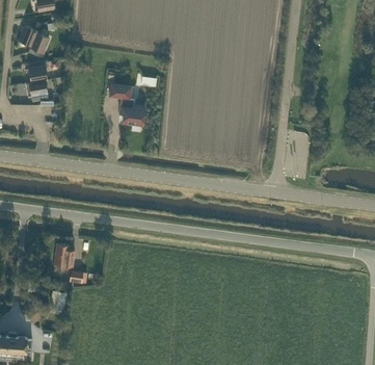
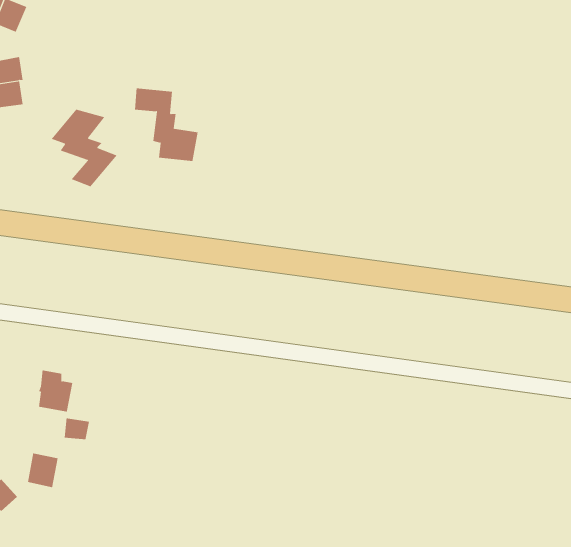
building: none -> [51,109,118,187]

